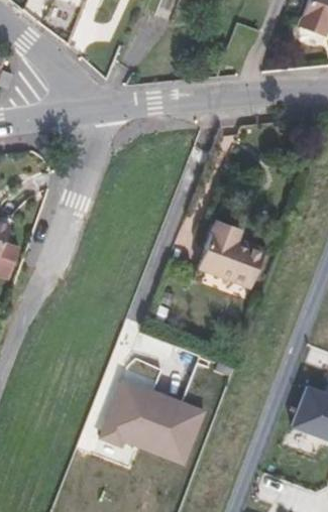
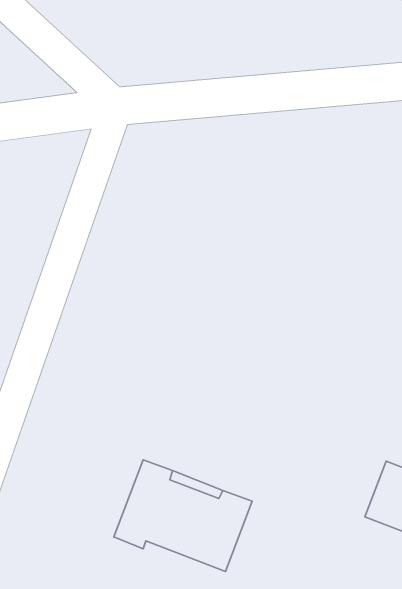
building: [198,224,264,286] -> none

